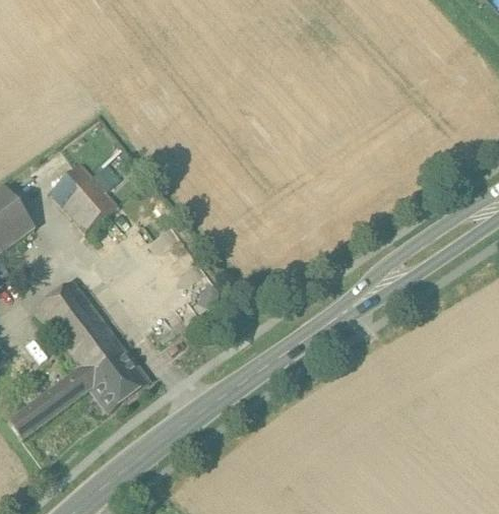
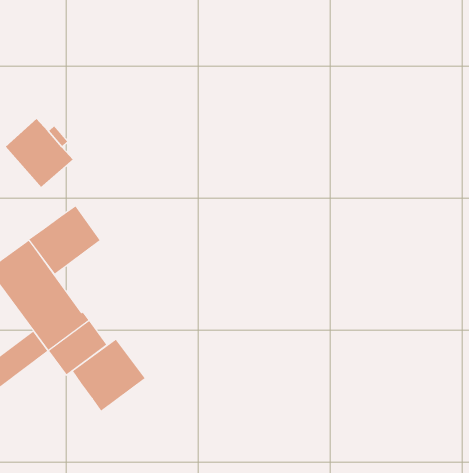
building: none -> [29,205,101,274]
building: none -> [72,339,145,412]

